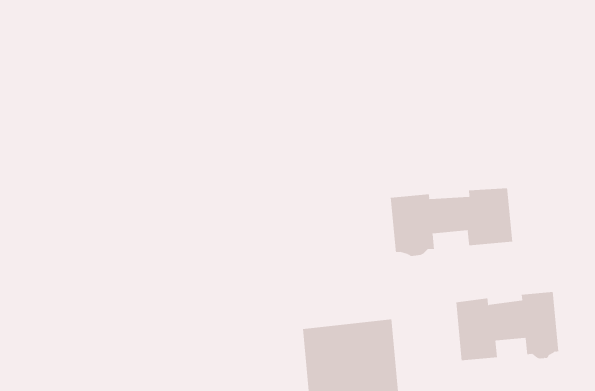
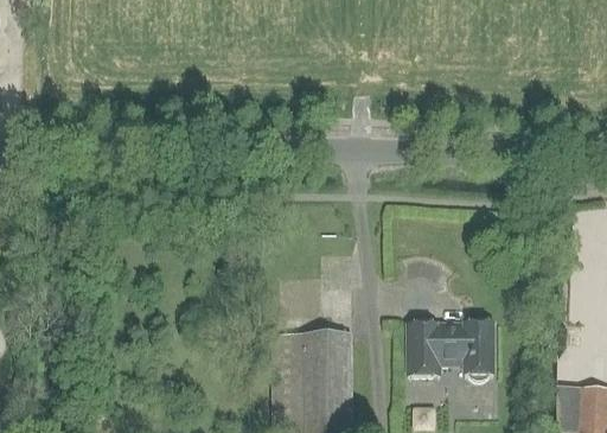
building: [390,187,513,257] -> none

